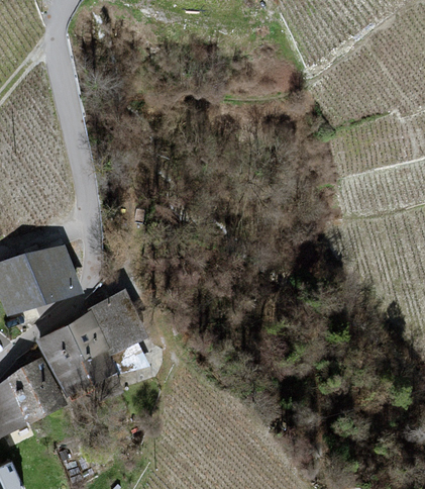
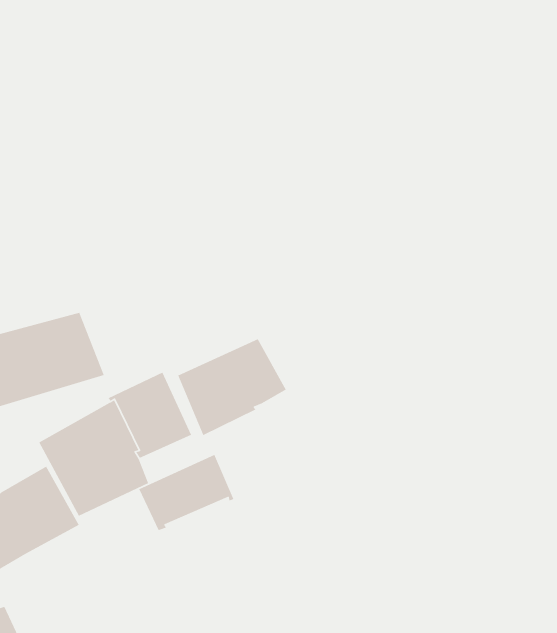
building: none -> [177,338,287,436]
building: none -> [138,454,235,531]

